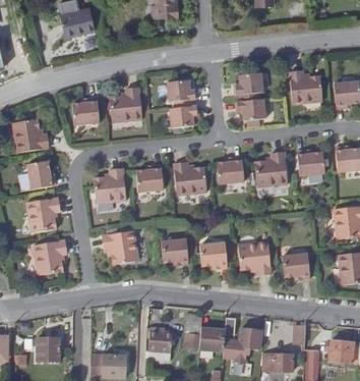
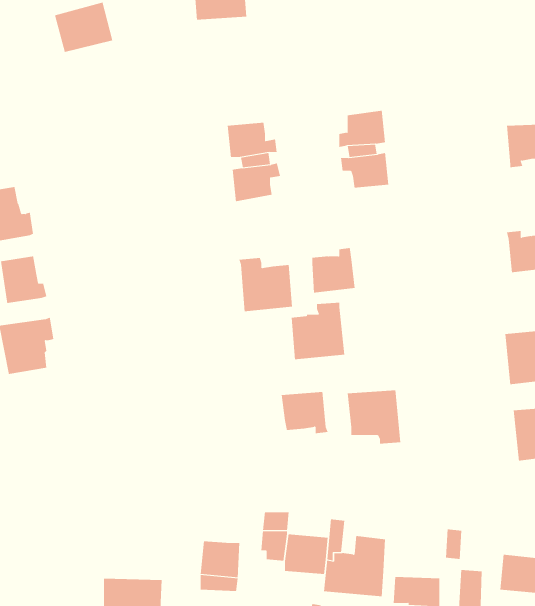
building: [288,72,321,105] -> none
building: [109,89,141,123] -> none
building: [70,99,97,125] -> none
building: [296,149,323,175] -> none
building: [254,152,287,186] -> [291,302,345,360]
building: [135,164,163,192] -> none
building: [93,169,125,204] -> none
building: [102,230,137,265] -> none
building: [160,238,188,264] -> none
building: [37,240,69,275] -> none
building: [281,254,309,279] -> none
building: [38,339,62,363] -> none

